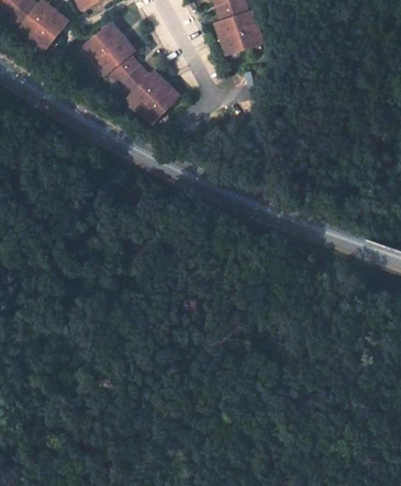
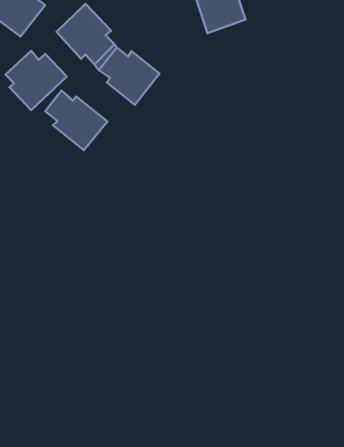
building: none -> [5,51,67,110]
building: none -> [45,90,107,150]

